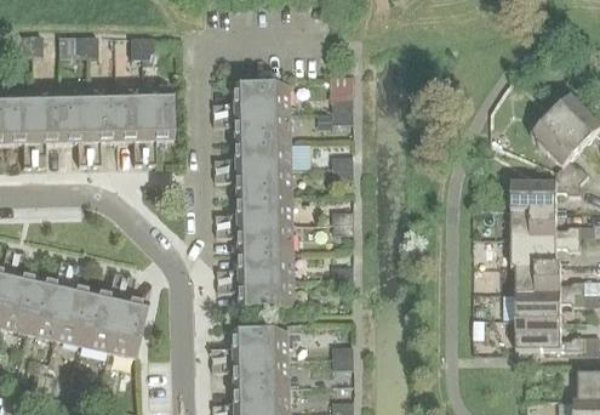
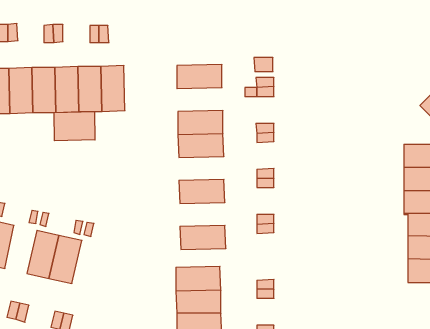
building: [235,113,291,142] -> none
building: none -> [54,112,95,141]
building: [238,197,292,226] -> none
building: [239,252,293,282] -> none
building: [27,280,65,339] -> none
building: [108,299,148,358] -> none

